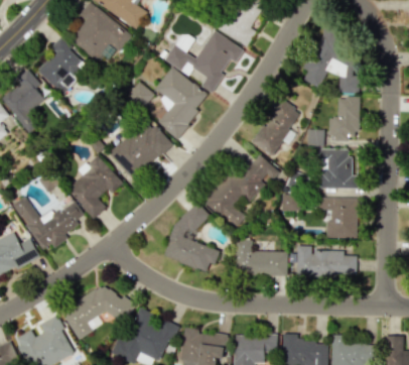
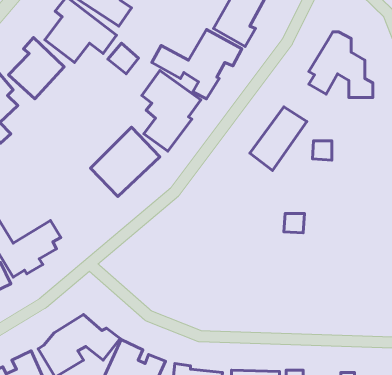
building: [127,81,154,108] -> [108,43,139,74]
building: [328,97,359,139] -> none
building: [318,148,358,189] -> none
building: [204,154,280,226] -> none
building: [66,156,123,218] -> none
building: [318,197,355,237] -> none
building: [162,202,221,272] -> none
building: [235,239,287,274] -> none
building: [296,245,357,275] -> none

